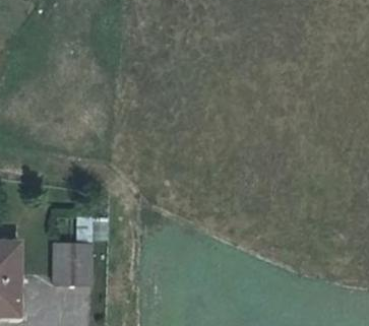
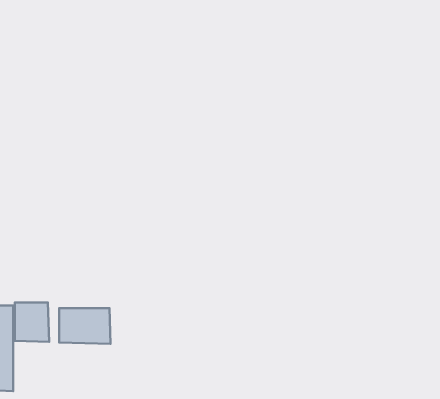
building: none -> [15,302,49,342]

